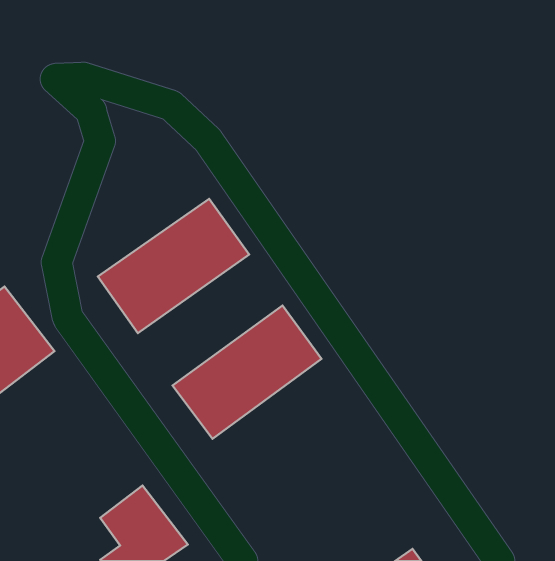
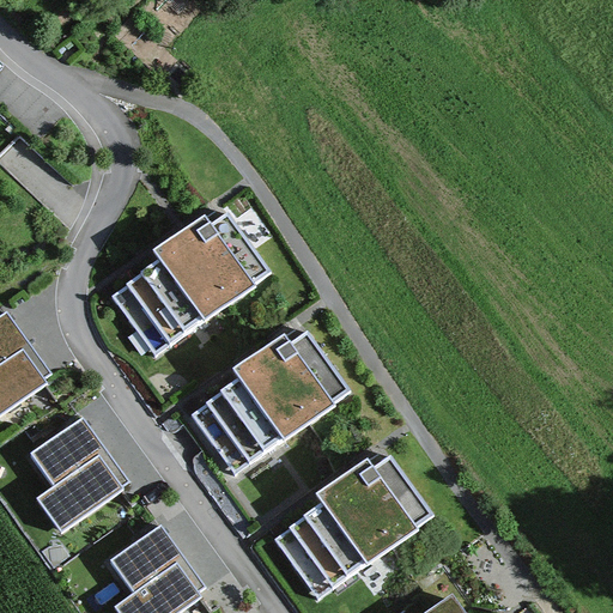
building: none -> [36,421,131,536]
building: none -> [268,453,429,599]

